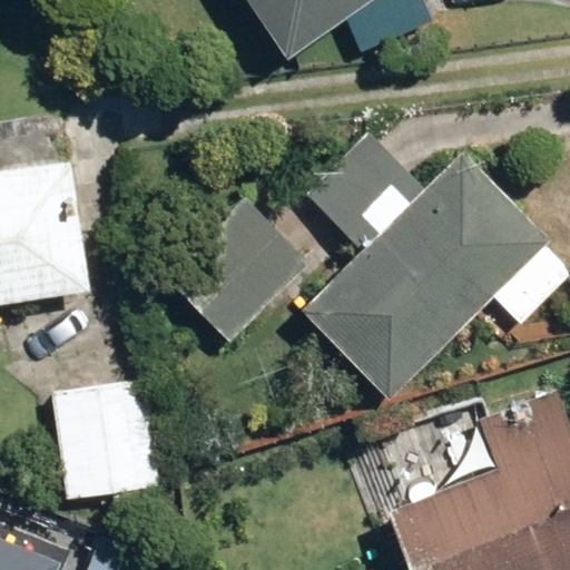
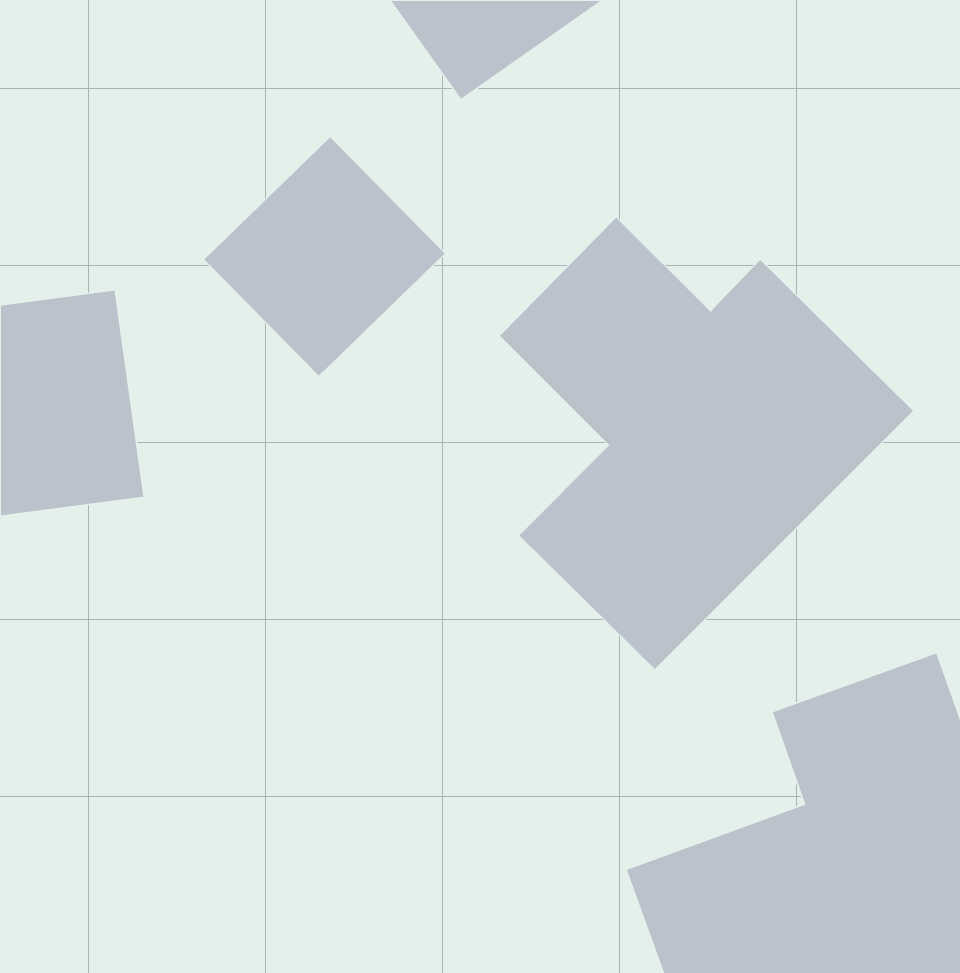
building: [164,198,304,337] -> [204,137,445,376]
building: [57,384,164,502] -> none

